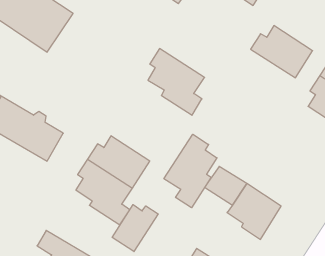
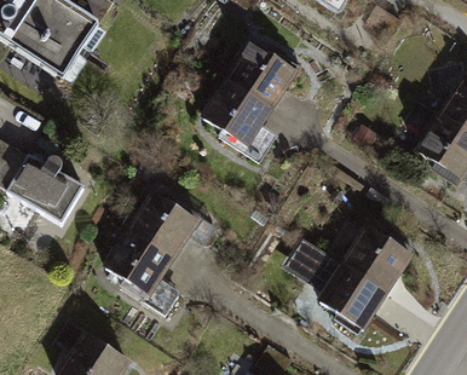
building: [251,26,313,78] -> [217,42,300,112]
building: [164,134,217,208] -> none
building: none -> [334,218,408,285]
building: [112,205,158,252] -> none

